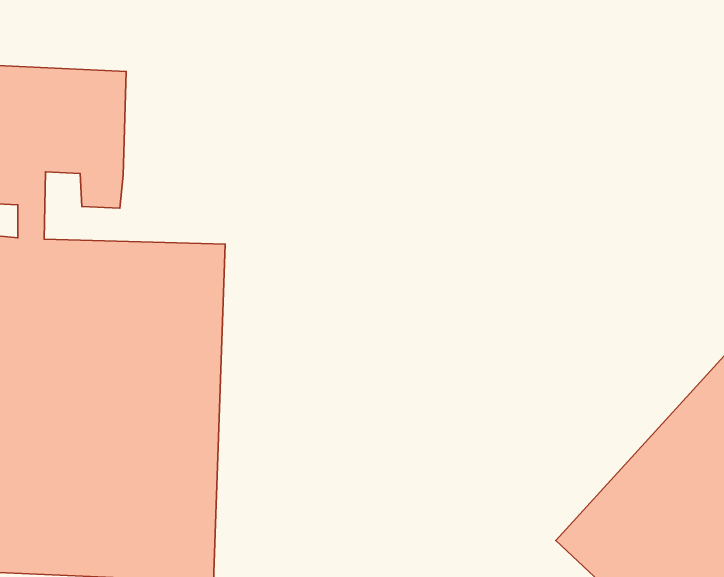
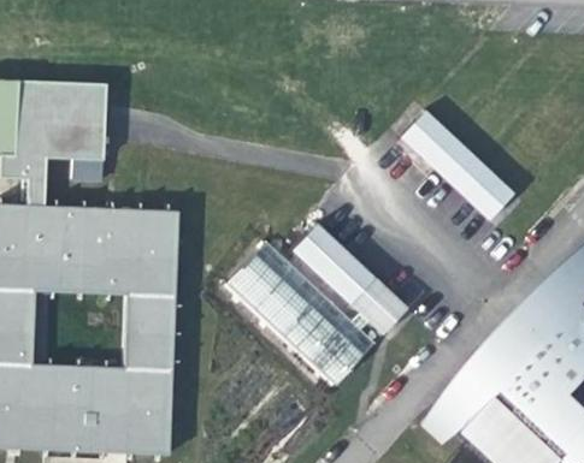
building: none -> [397,107,514,218]
building: none -> [224,221,411,387]

